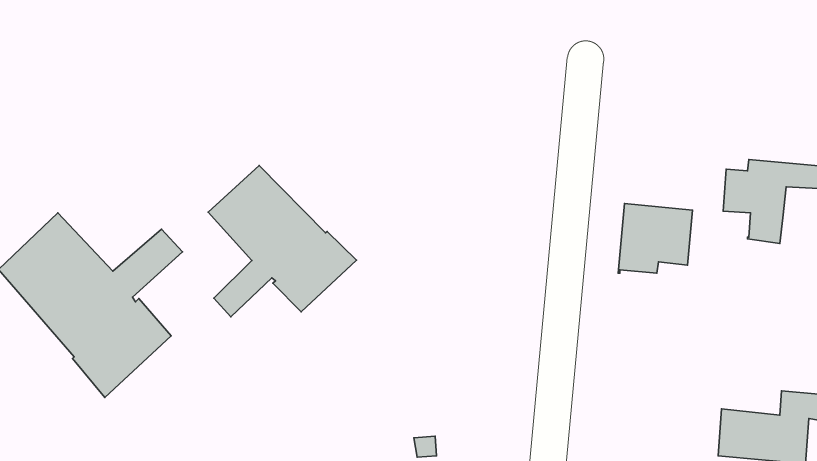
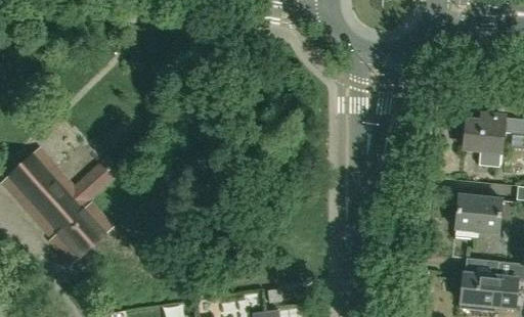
building: [208,166,357,317] -> none
building: [618,204,693,273] -> [453,193,500,237]

